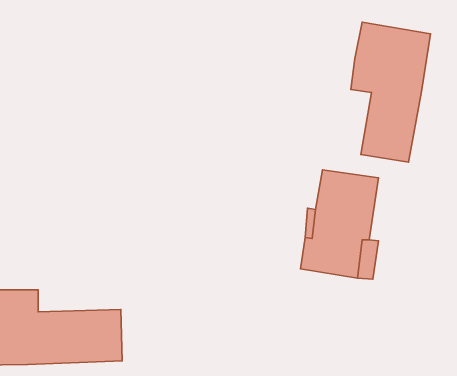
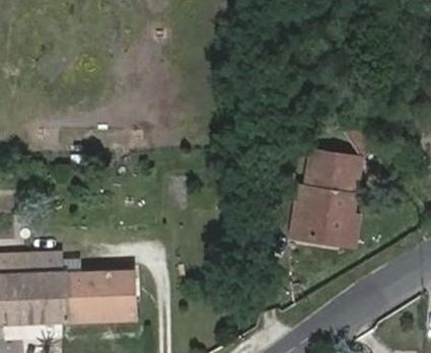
building: [351,22,430,162] -> none

